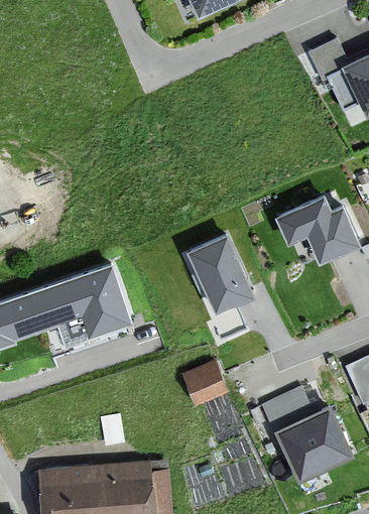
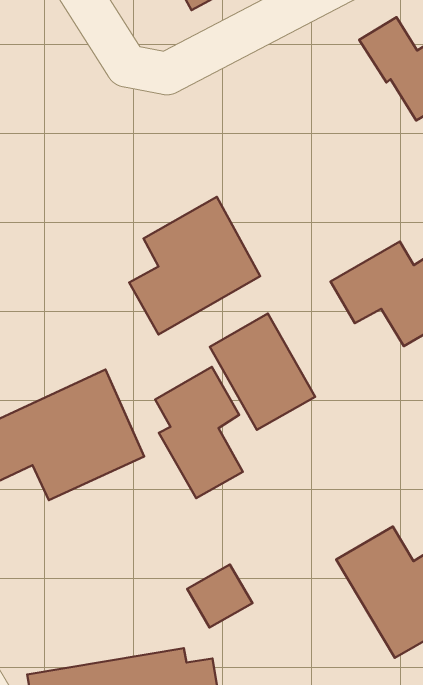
building: none -> [129,197,260,334]
building: none -> [155,367,243,498]
building: [182,361,227,403] -> [187,564,253,628]

